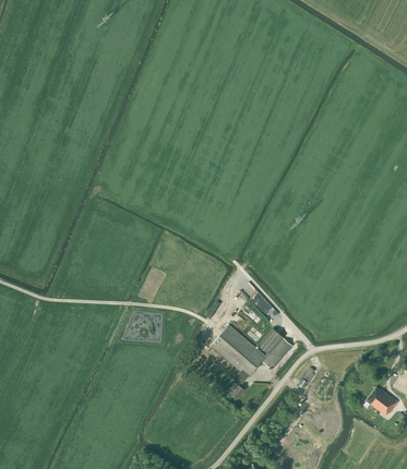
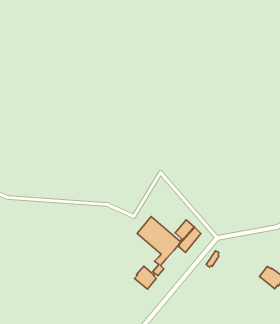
building: none -> [134,266,156,289]

